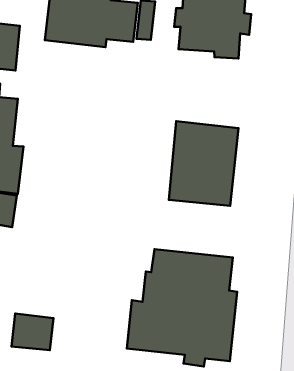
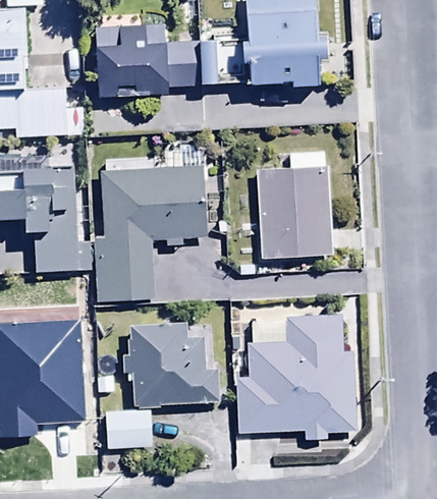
building: none -> [96,166,207,300]
building: none -> [123,322,220,406]

